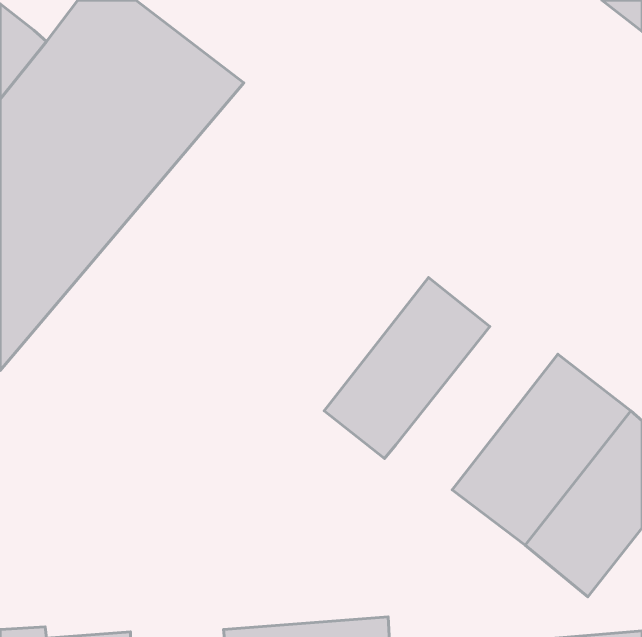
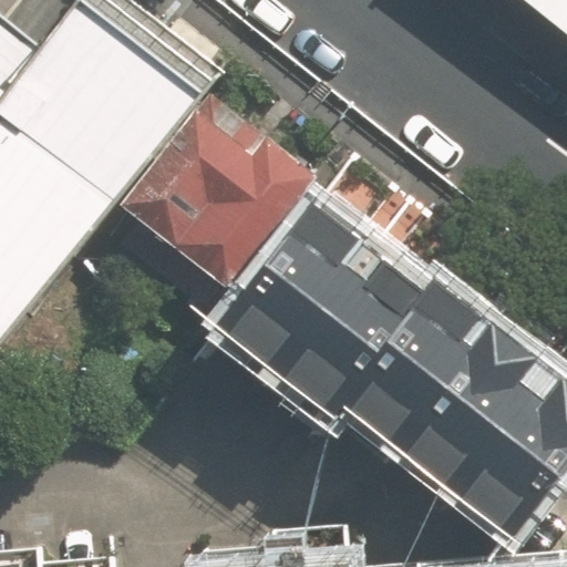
building: none -> [126,105,323,312]
building: none -> [228,204,378,367]
building: none -> [349,278,492,436]

